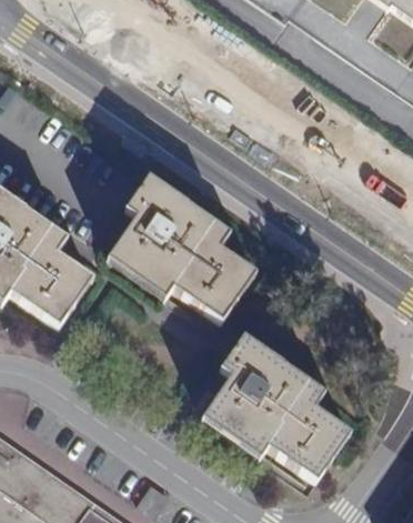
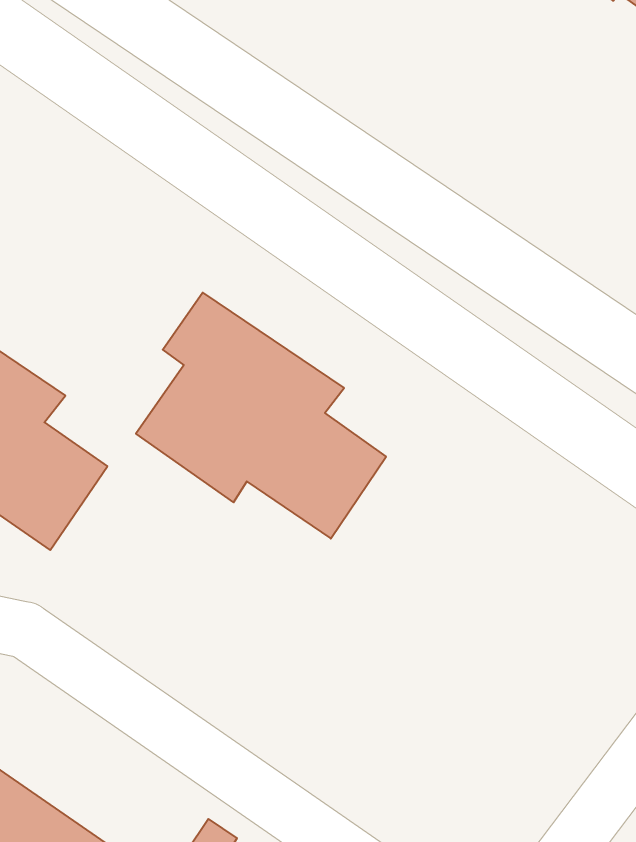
building: [202,336,350,479] -> none

